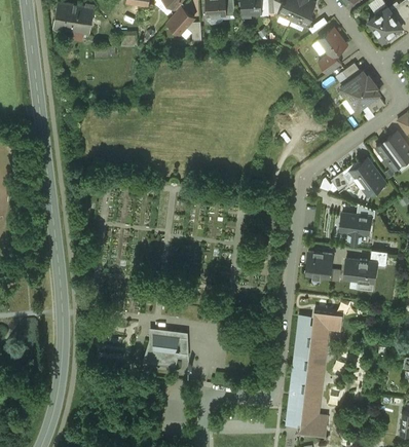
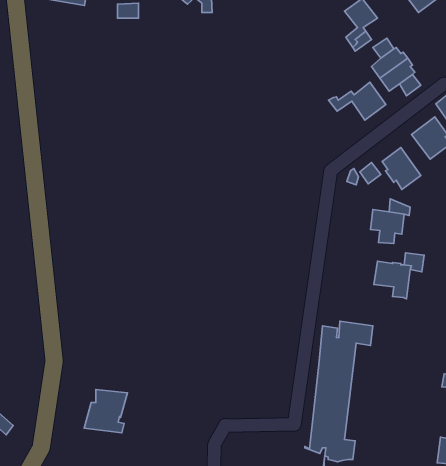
building: none -> [328,82,386,120]
building: [306,252,332,277] -> none
building: [143,328,181,366] -> [84,389,128,433]

